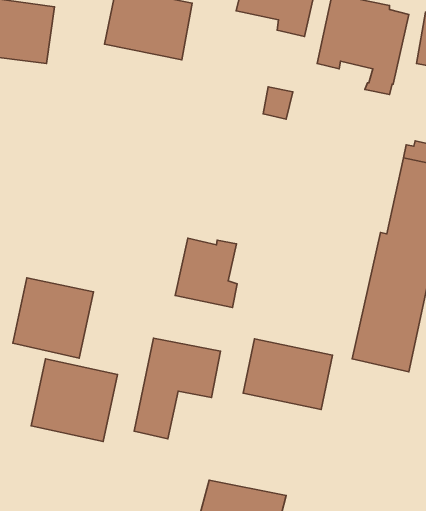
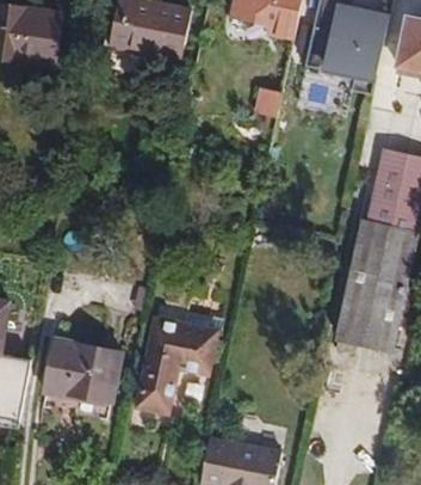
building: [175,238,237,308] -> none
building: [13,278,94,358] -> none
building: [243,339,333,410] -> none

